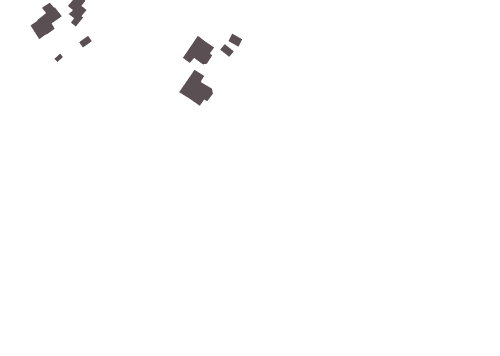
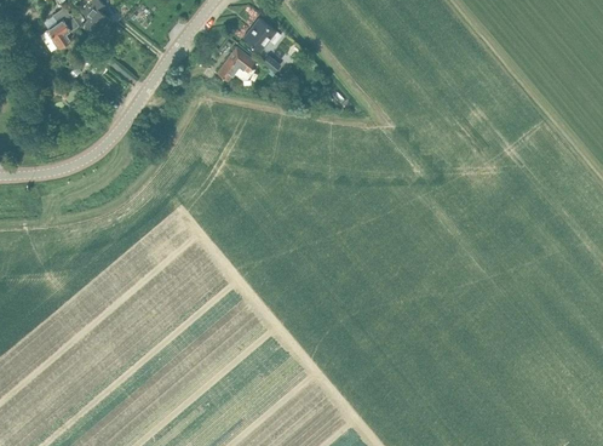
building: none -> [241,19,280,52]
building: [178,69,214,107] -> none

